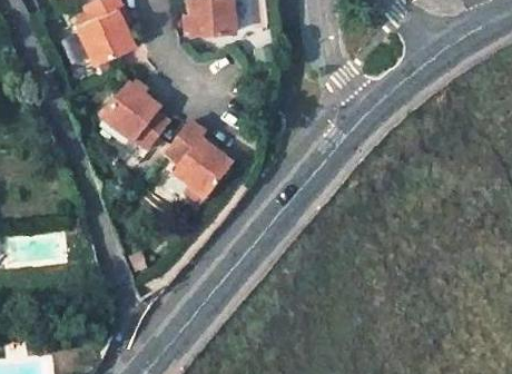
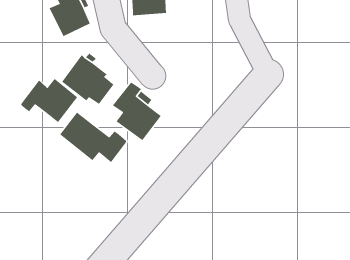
building: none -> [21,78,78,123]
building: none -> [59,112,127,163]

